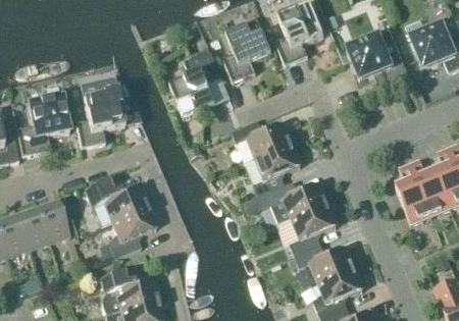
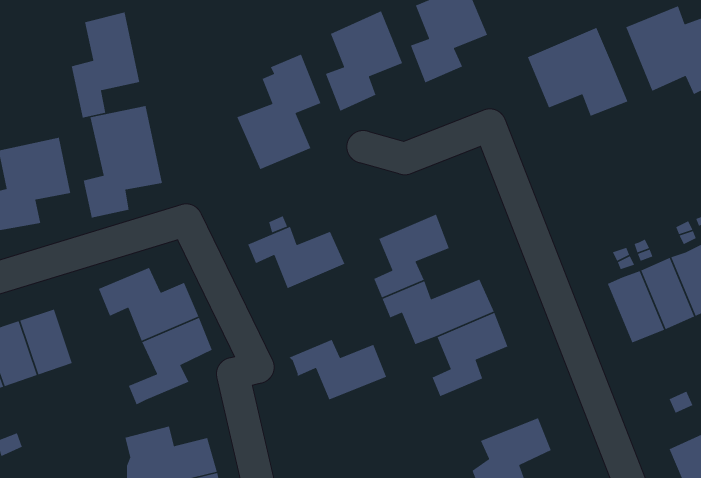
building: none -> [71,12,140,118]
building: [232,119,292,158] -> [247,226,346,289]
building: [294,244,354,281] -> [289,339,387,401]

